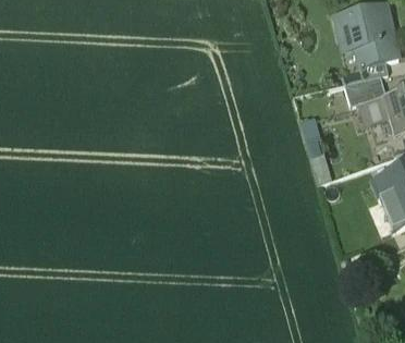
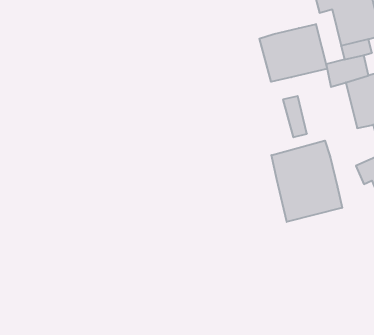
building: none -> [259,24,327,82]
building: none -> [271,141,342,222]

